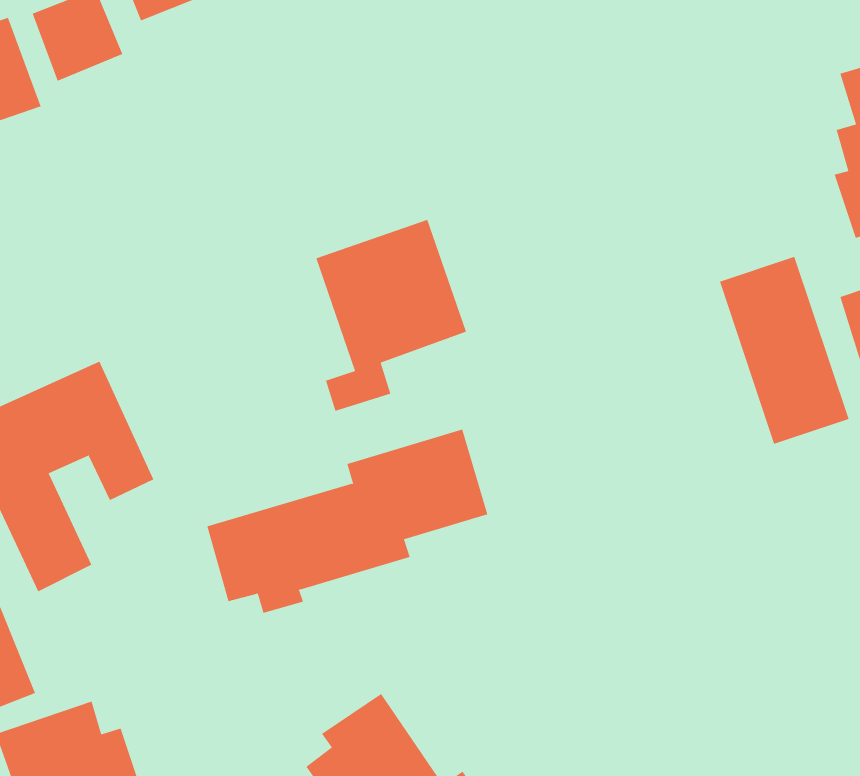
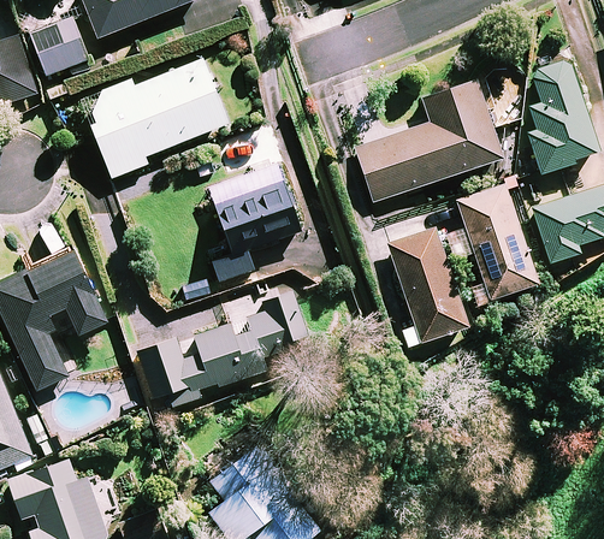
building: none -> [82,58,229,176]
building: none -> [355,81,502,201]
building: none -> [387,226,468,346]

